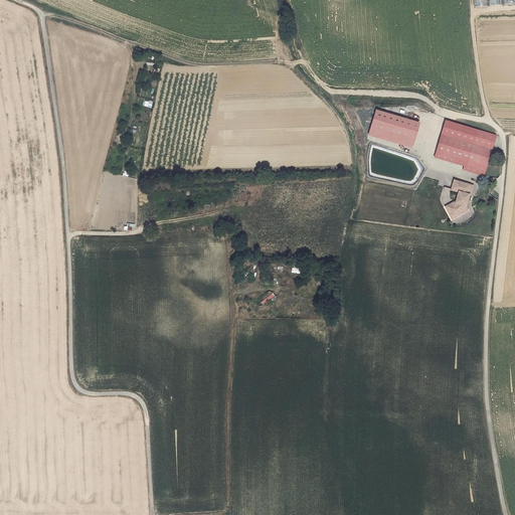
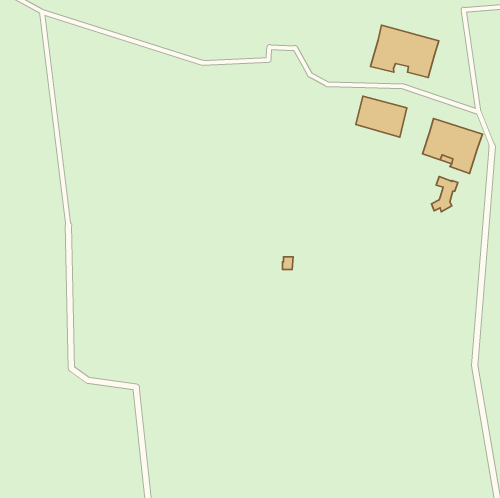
building: none -> [371,25,439,77]

